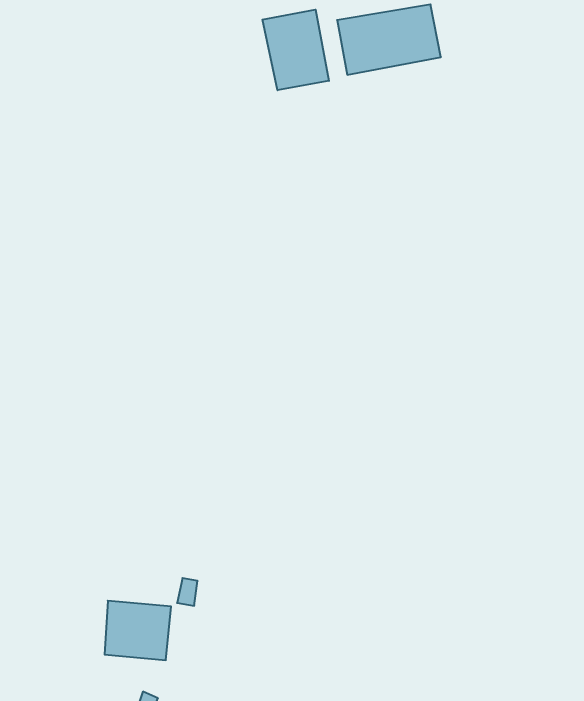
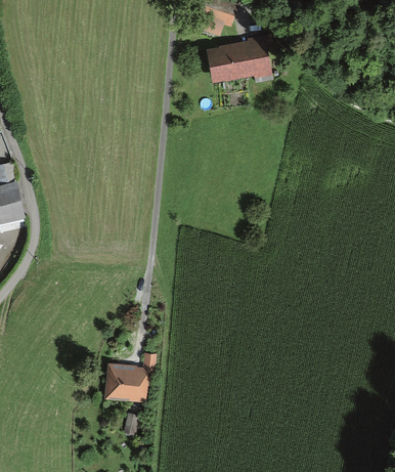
building: [262,10,329,90] -> none

